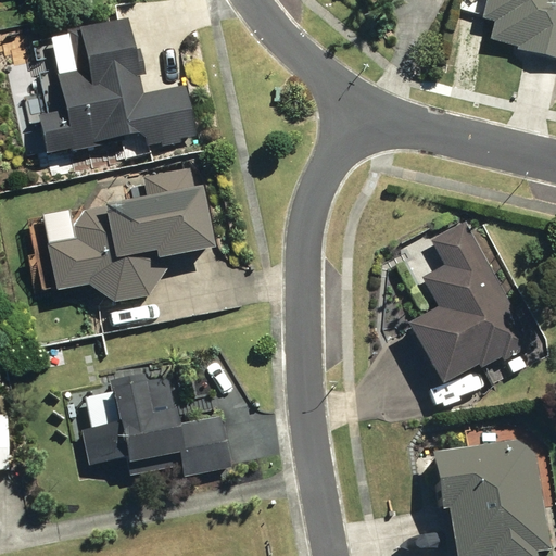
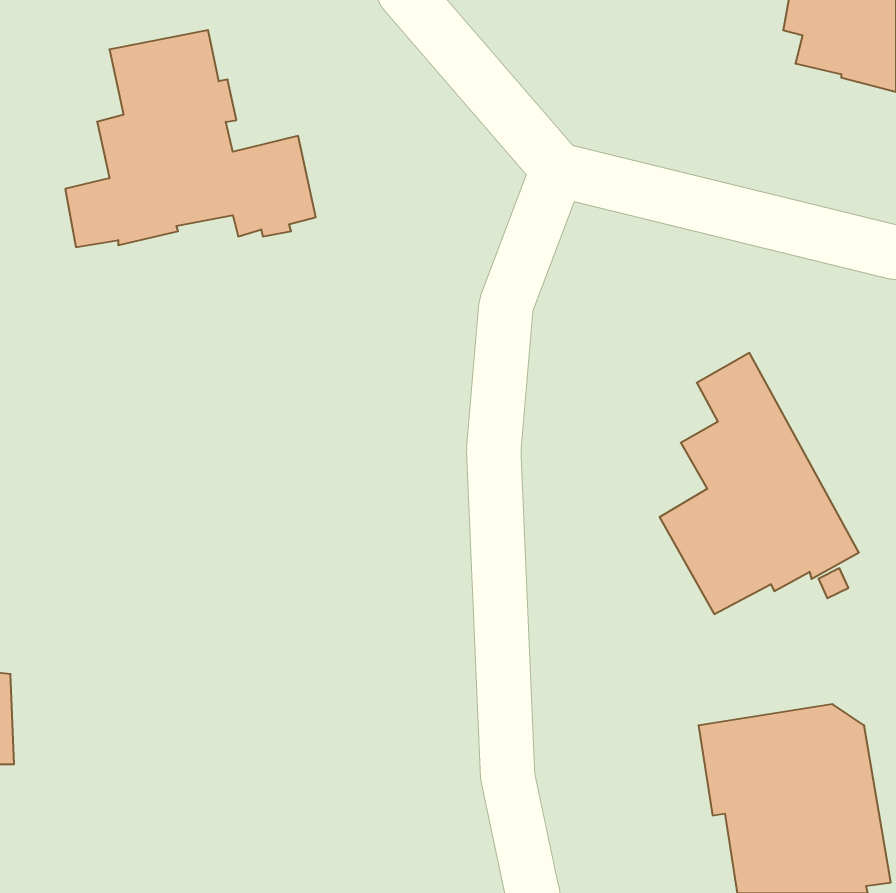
building: [49,167,217,303] -> none
building: [83,374,231,477] -> none

